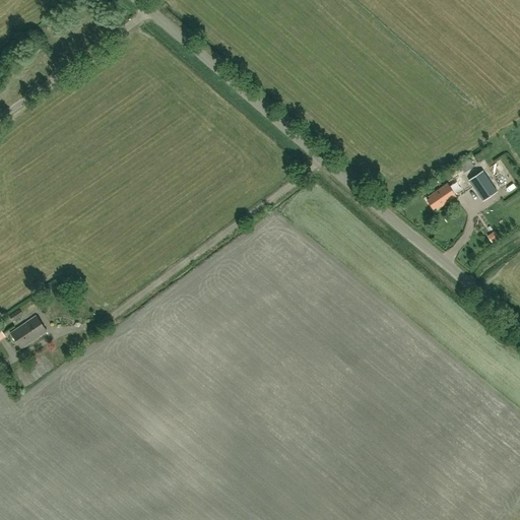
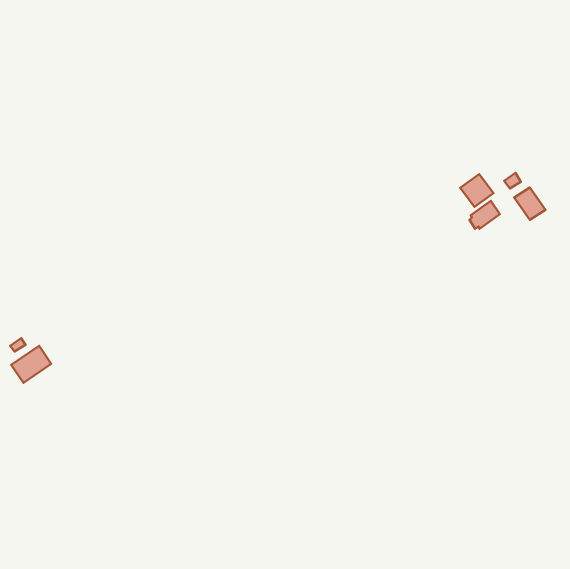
building: none -> [460,174,493,207]

